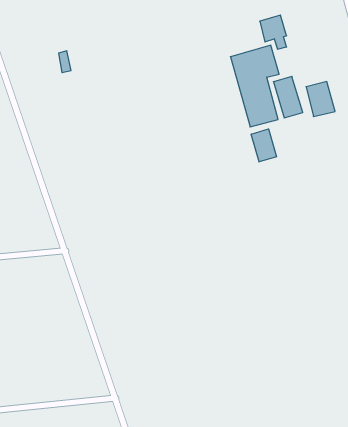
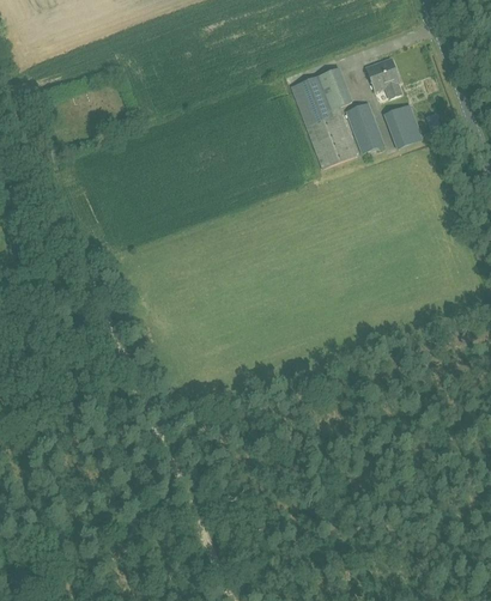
building: [260,15,287,49] -> [364,56,399,97]
building: [251,129,276,162] -> none

